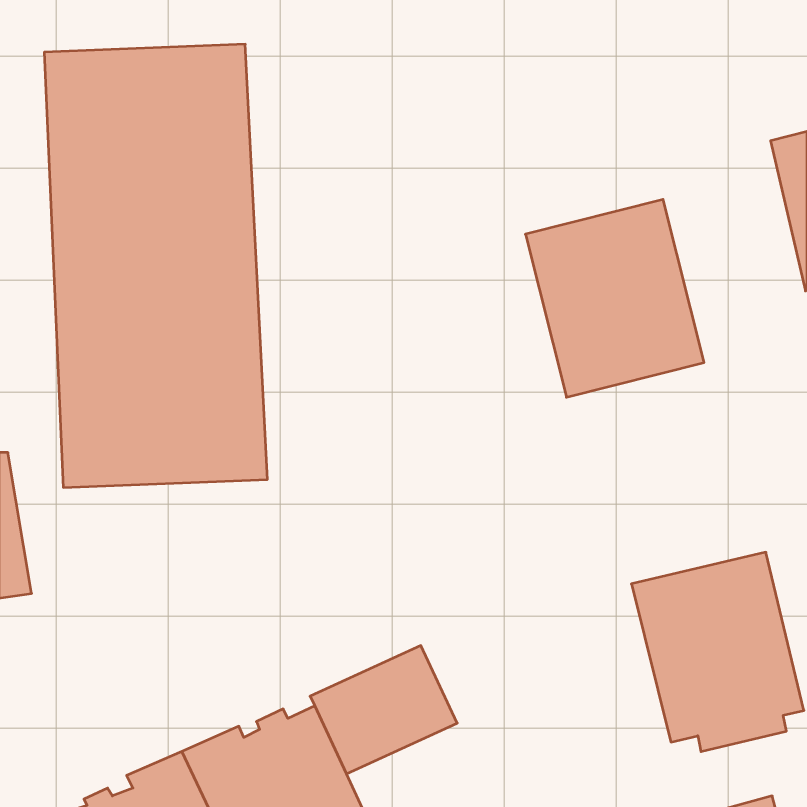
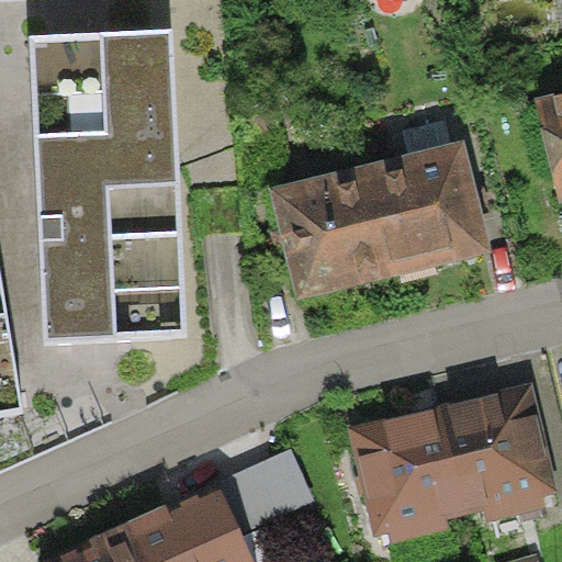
building: none -> [267,164,393,301]
building: none -> [347,406,465,543]

